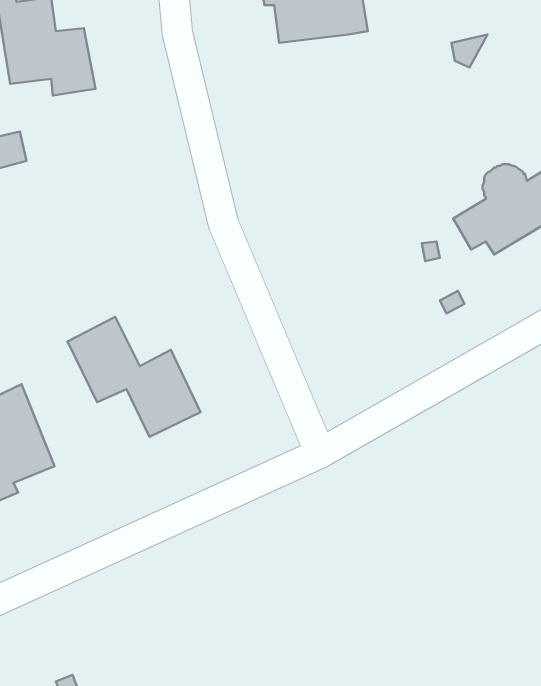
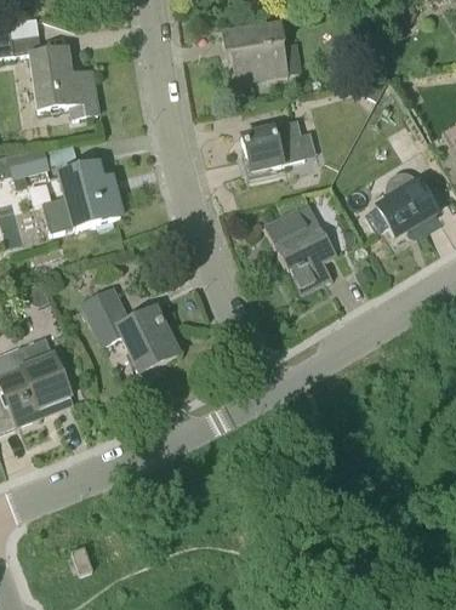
building: none -> [243,122,313,171]
building: none -> [41,163,120,233]
building: none -> [267,210,334,290]

